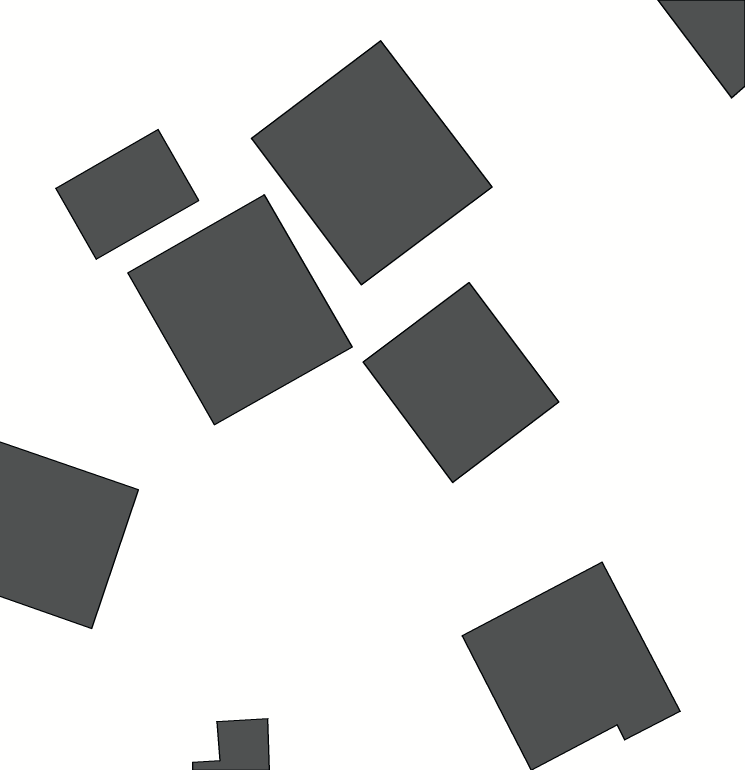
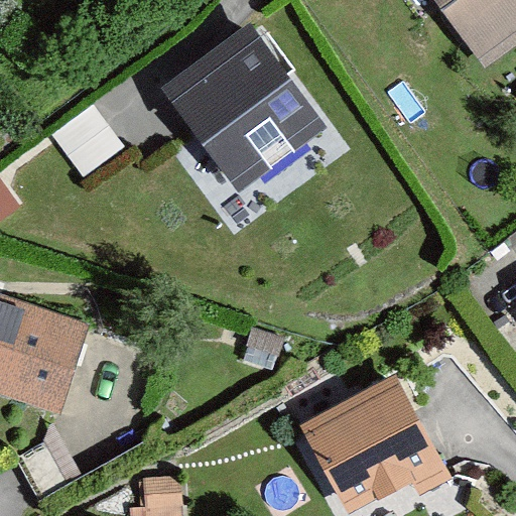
building: [128,195,352,425] -> none
building: [363,283,559,483] -> none

